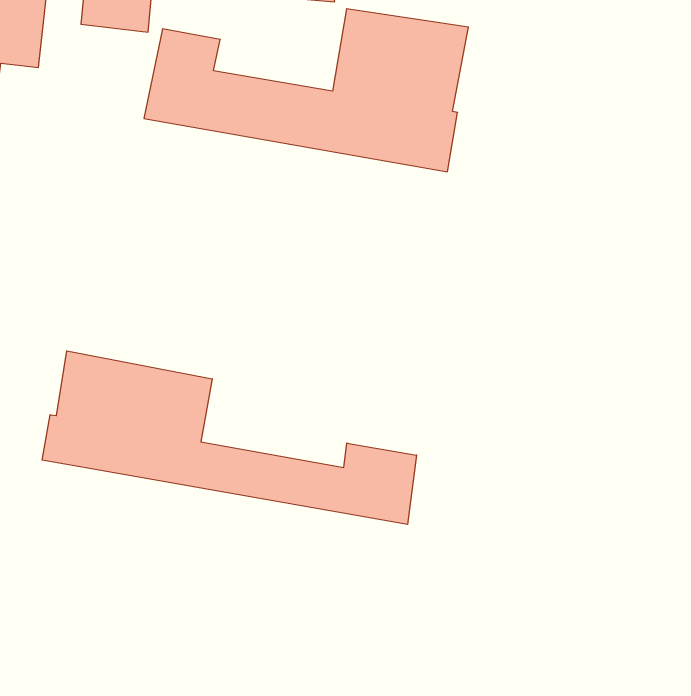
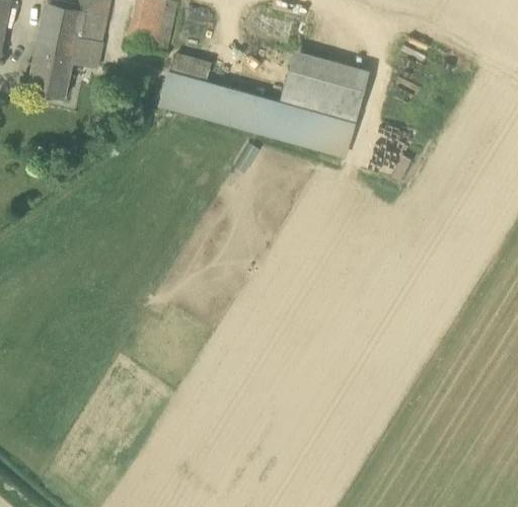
building: [42,351,416,524] -> none

